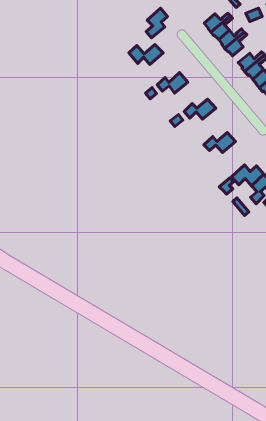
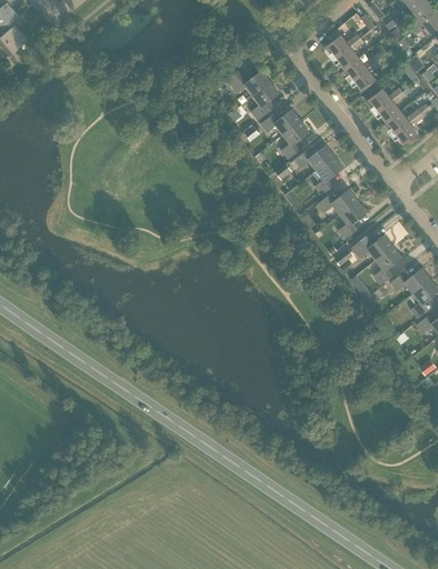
building: [146,8,168,38] -> [251,81,280,119]
building: none -> [281,121,310,158]
building: none -> [313,157,344,193]
building: none -> [339,201,367,238]

